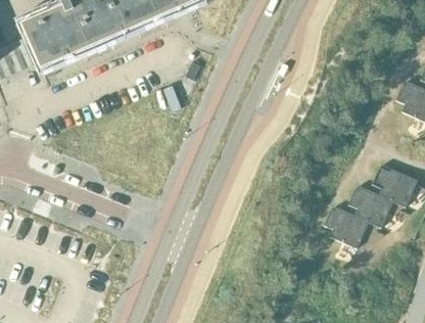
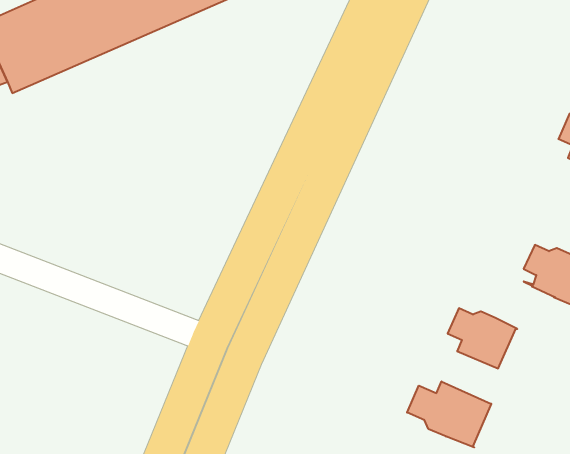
building: [349,187,394,226] -> none
building: none -> [407,381,491,447]

